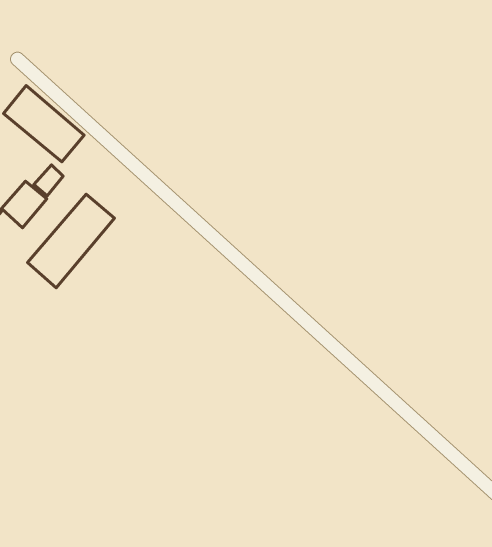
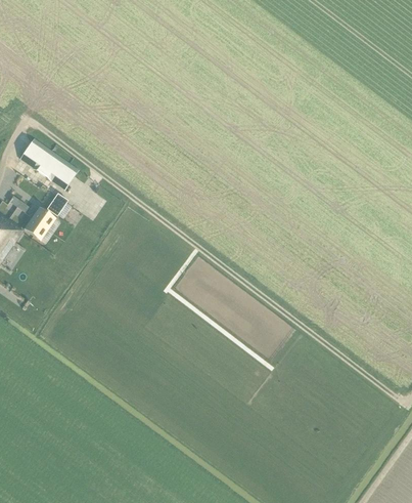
building: [28,194,114,288] -> none

